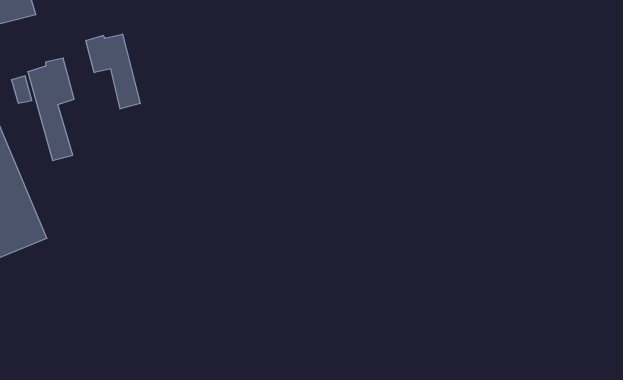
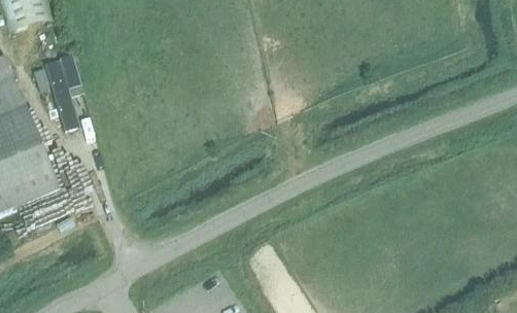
building: [86,34,140,109] -> none

